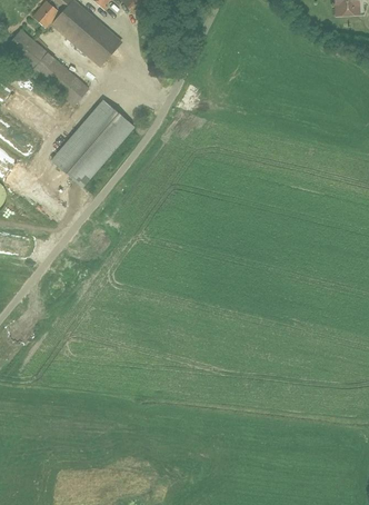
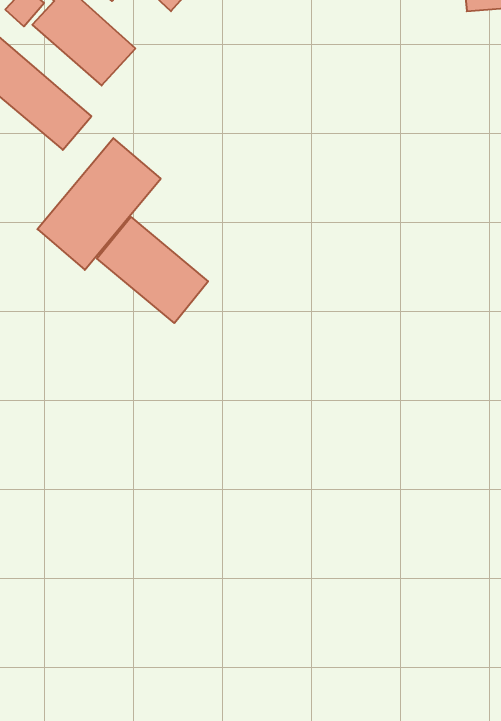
building: none -> [97,217,208,323]

